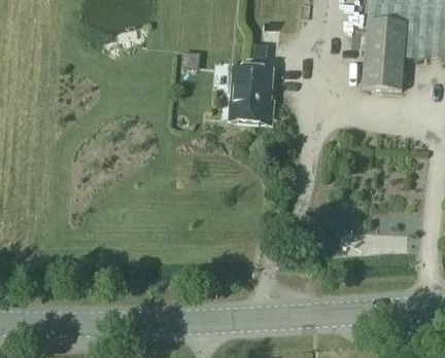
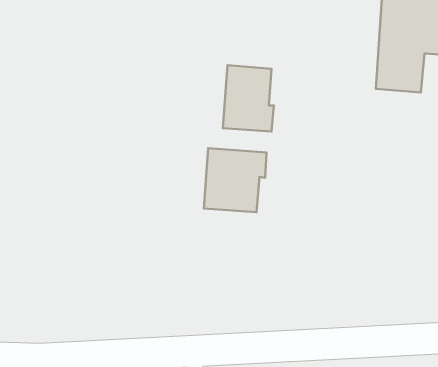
building: none -> [204,148,267,212]

